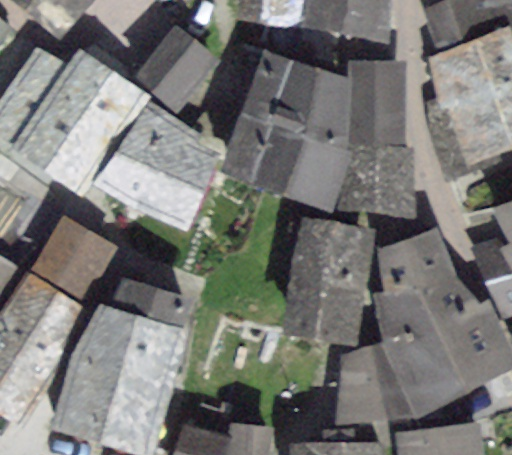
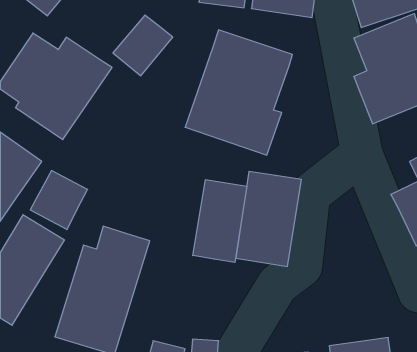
building: [352,64,399,141] -> none
building: [100,106,217,220] -> none
building: [350,147,407,207] -> none
building: none -> [193,180,247,262]
building: [350,234,502,414] -> none

